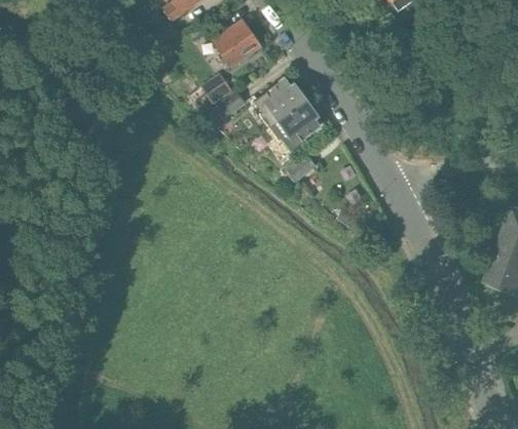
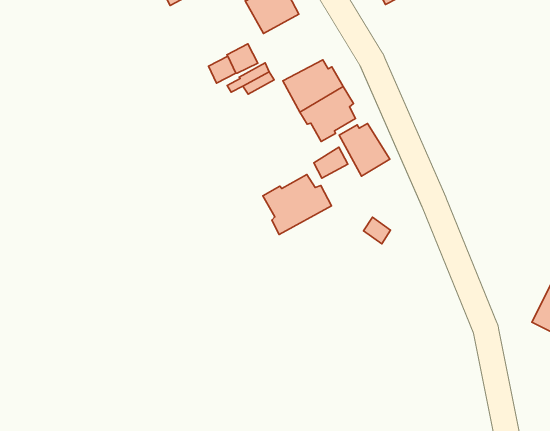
building: none -> [339,123,390,176]
building: none -> [263,175,332,234]

